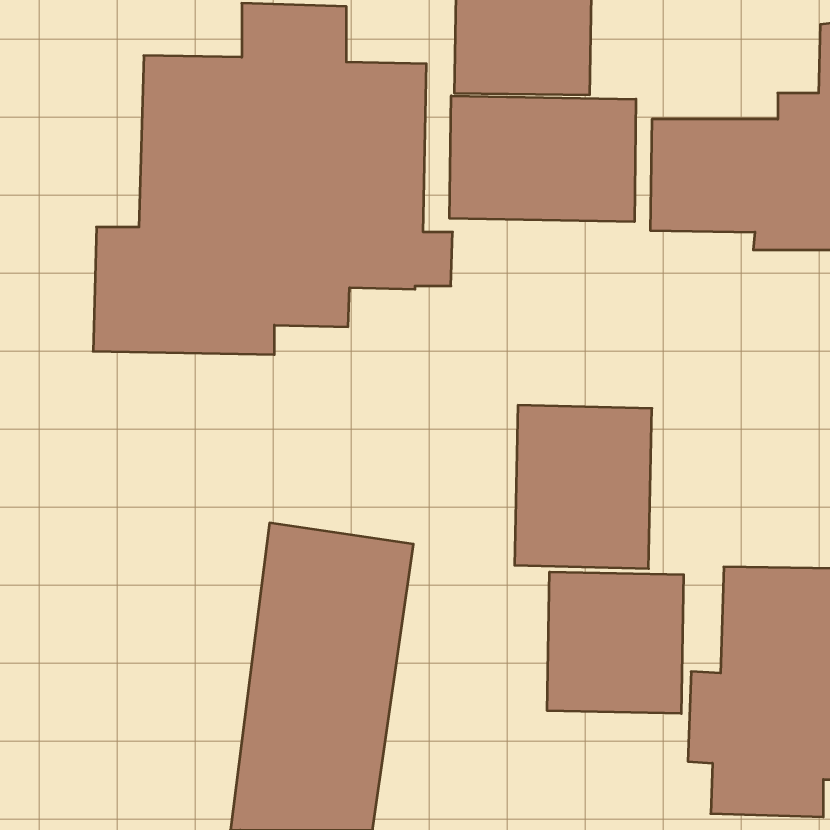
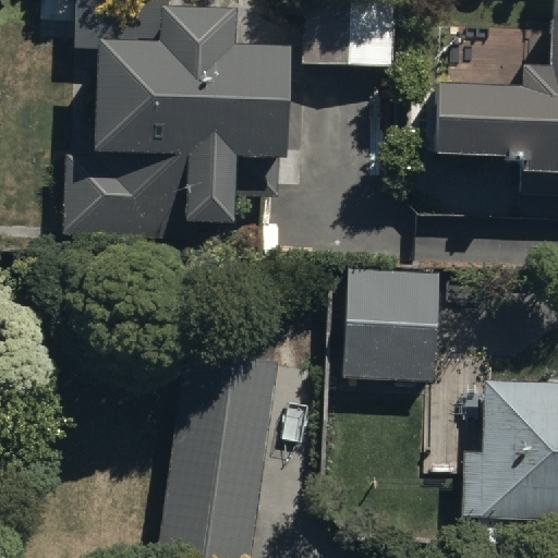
building: [450,96,636,222] -> none
building: [547,572,684,714] -> none

